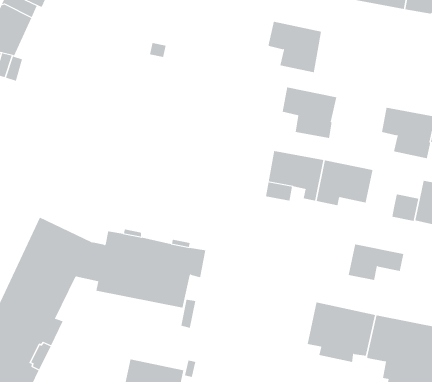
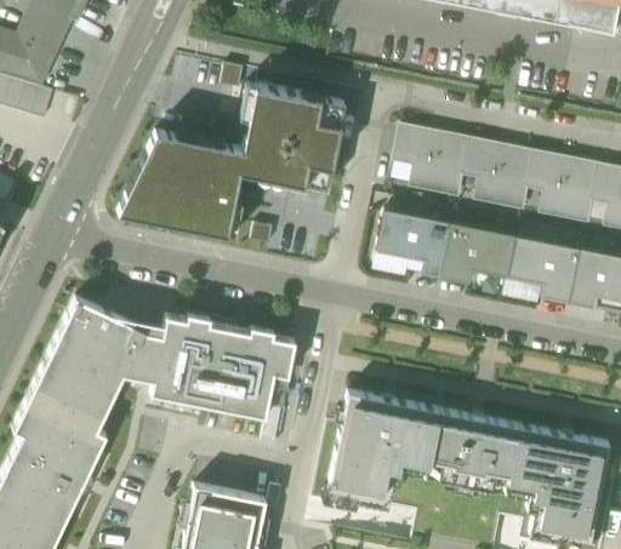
building: [268,21,322,73] -> [461,139,532,207]
building: none -> [118,85,346,234]
building: [348,244,404,281] -> [507,236,581,285]
building: none -> [329,390,440,505]

